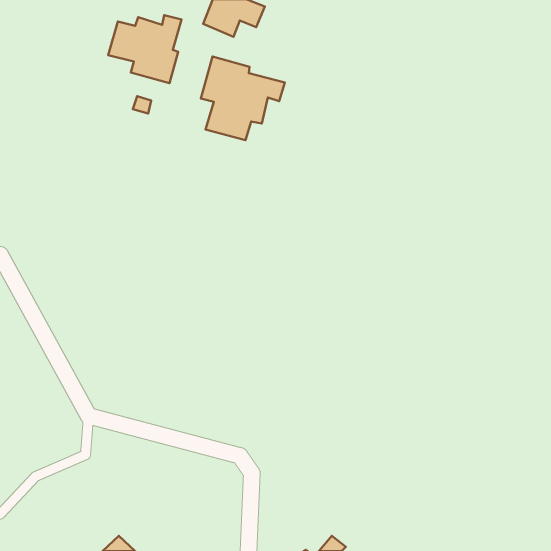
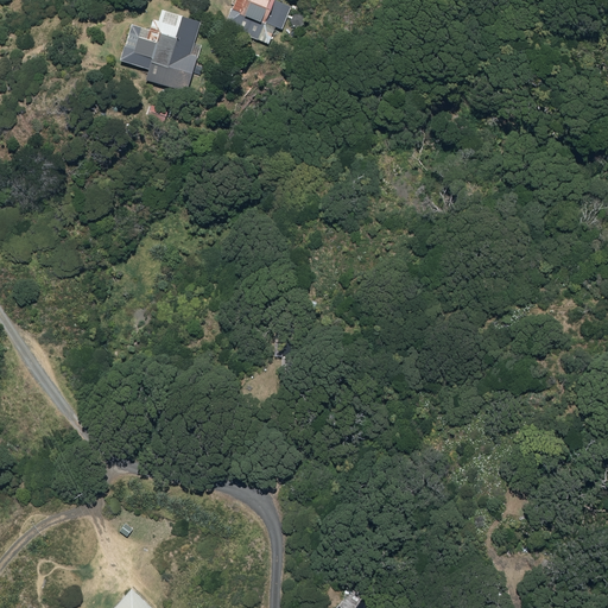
building: [201,57,285,140] -> none

